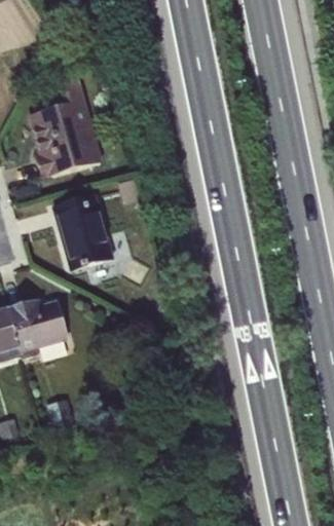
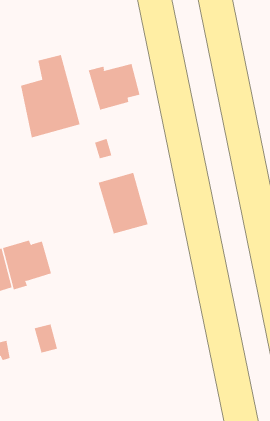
building: none -> [88,63,140,111]
building: [53,193,114,267] -> [98,172,149,234]

